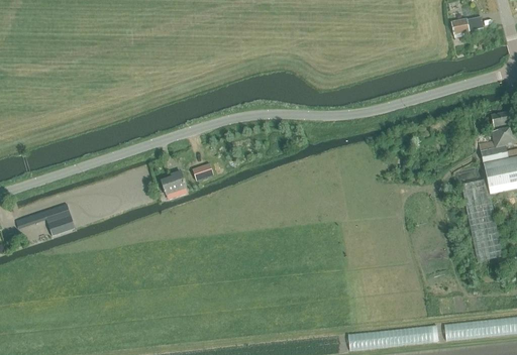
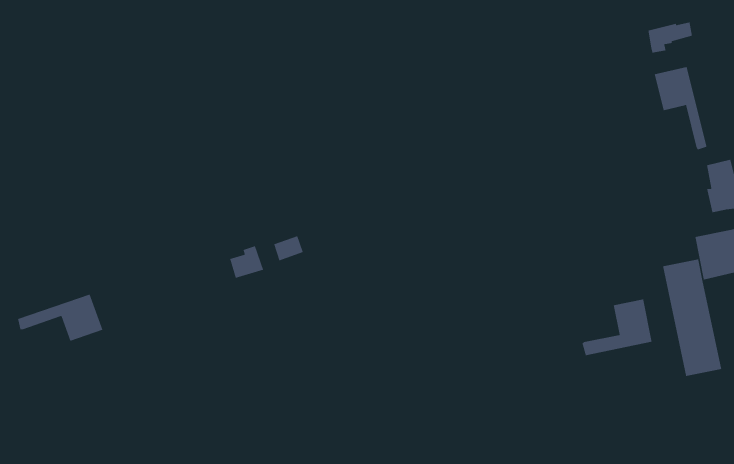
building: none -> [654,66,707,151]
building: none -> [581,298,652,356]

